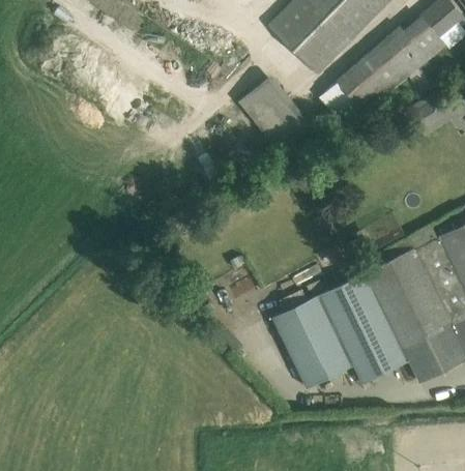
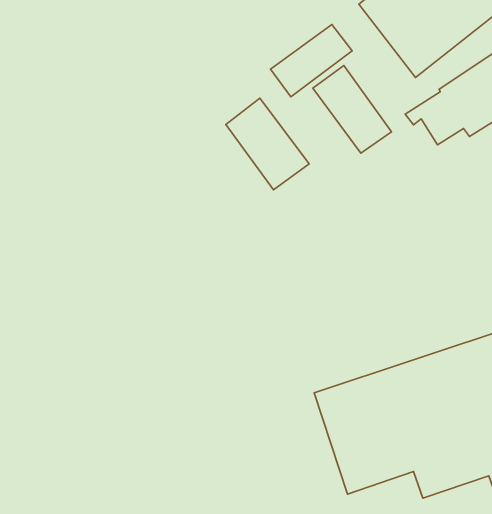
building: none -> [271,25,352,97]
building: none -> [226,98,309,190]

